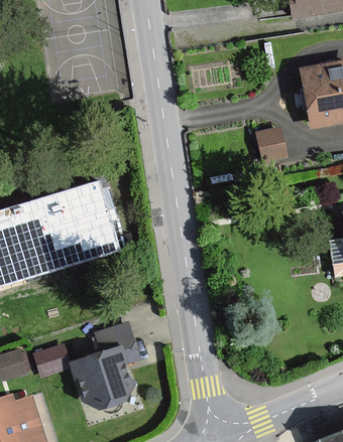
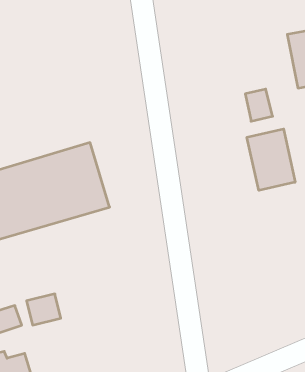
building: none -> [247,129,295,190]
building: [72,325,137,408] -> none

